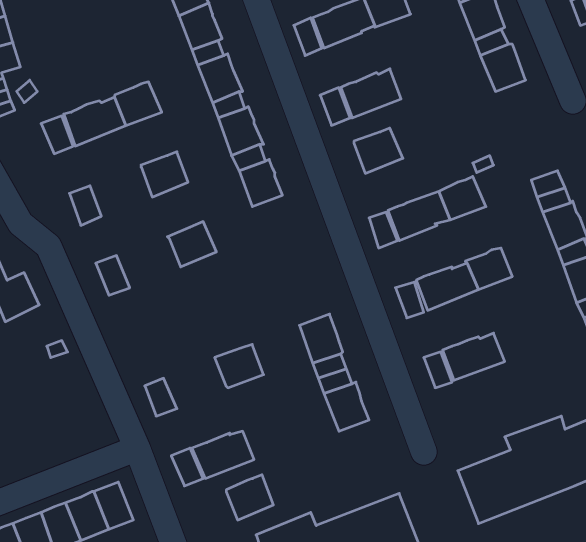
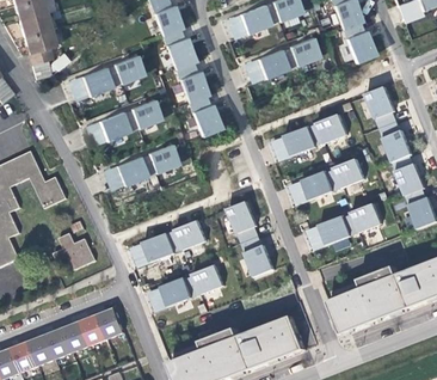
building: [354,128,403,173] -> [288,36,319,65]
building: none -> [368,86,396,116]
building: none -> [98,108,137,139]
building: none -> [116,153,155,183]
building: none -> [353,202,383,231]
building: none -> [146,228,184,261]
building: none -> [54,229,94,266]
building: [226,475,273,520] -> [195,264,224,293]

